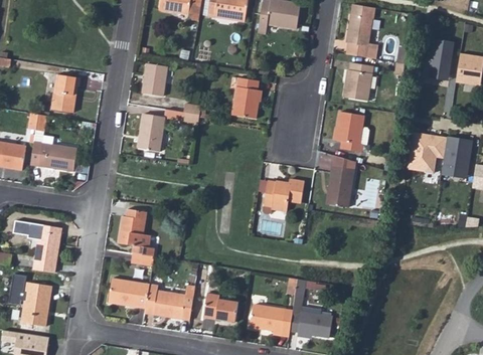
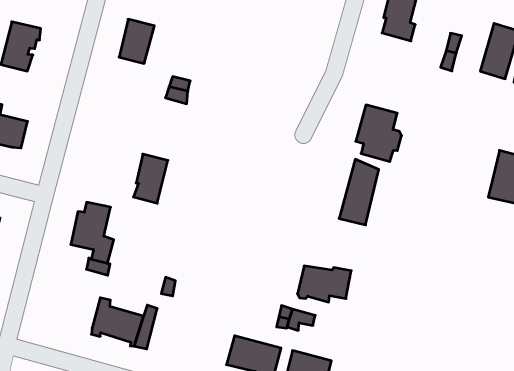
building: [344,63,373,101] -> none
building: [232,75,262,117] -> none
building: [140,114,164,151] -> [133,154,168,203]
building: [406,132,447,173] -> none
building: [263,179,303,206] -> [297,266,351,302]
building: [106,276,147,307] -> none
building: [199,291,235,320] -> none

